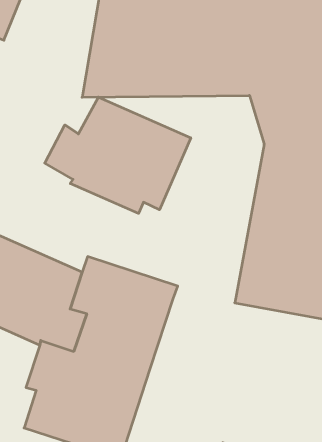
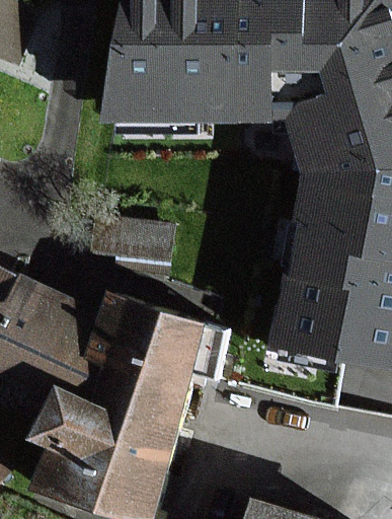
building: [45,97,191,213] -> none

